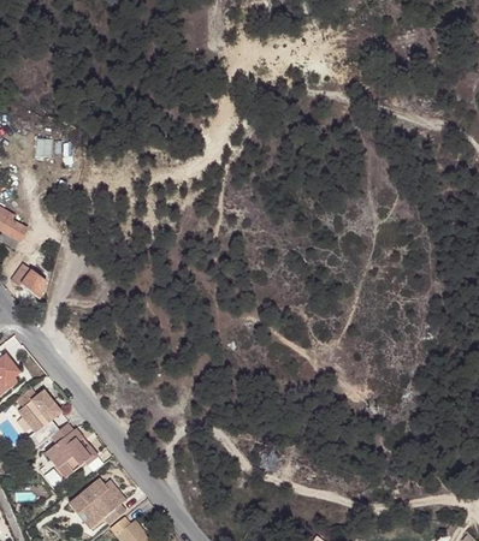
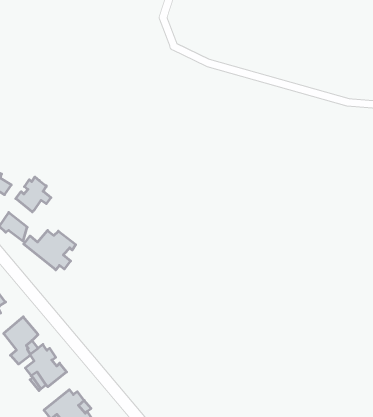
building: none -> [16,177,51,212]
building: none -> [24,230,76,270]

